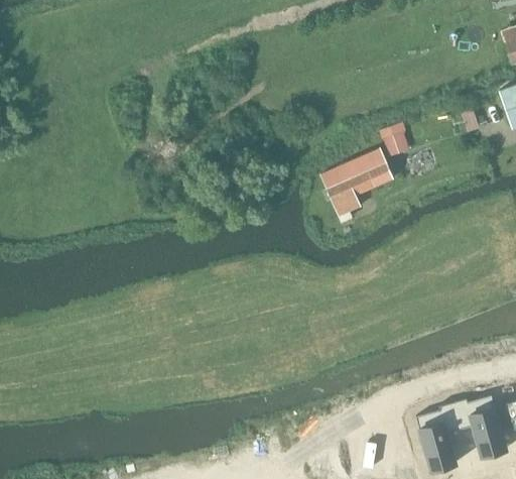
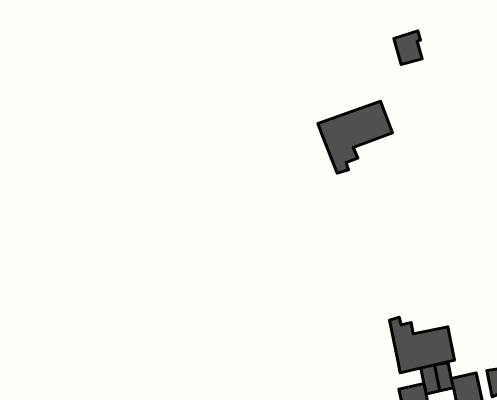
building: [381,122,410,156] -> [394,31,422,65]
building: none -> [390,317,455,373]

